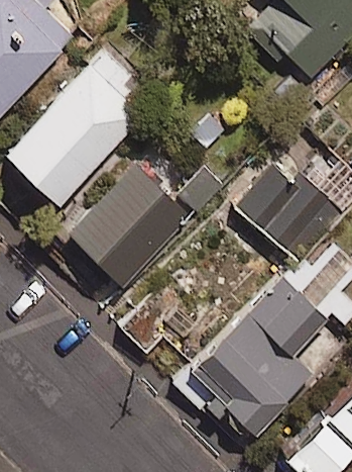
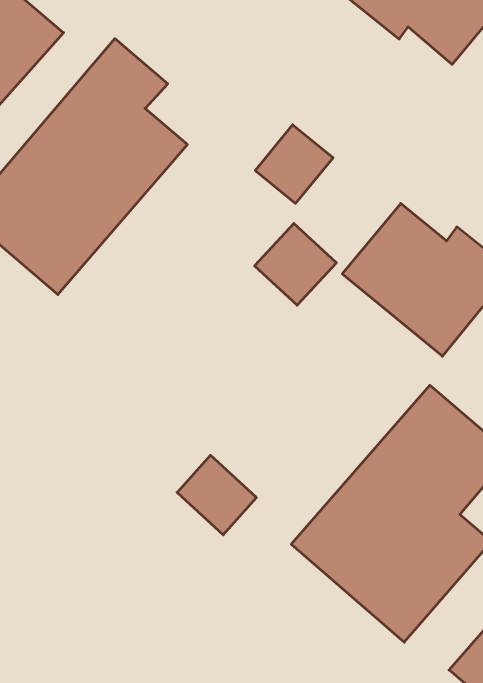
building: [64,158,193,288] -> none

